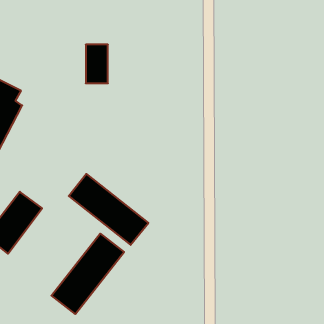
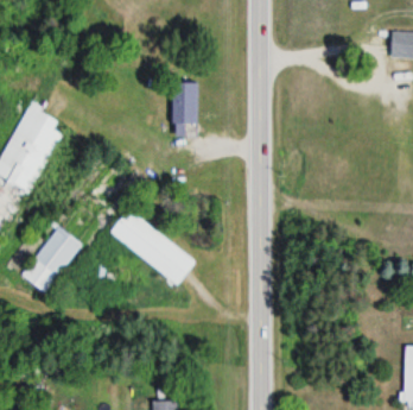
building: [86,45,108,83] -> [173,82,197,124]
building: [51,234,124,314] -> none

